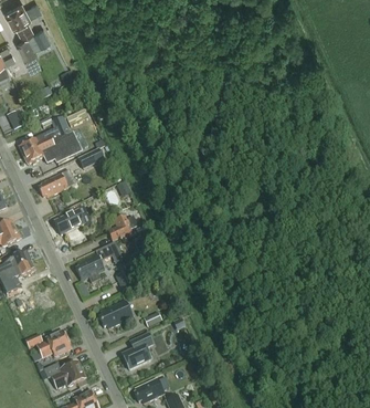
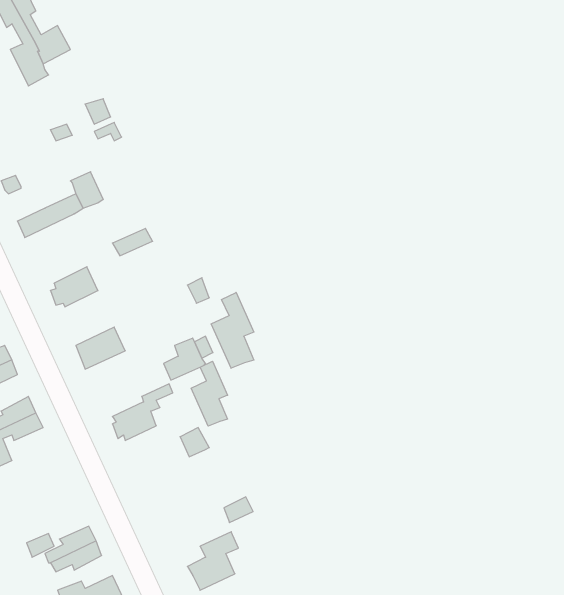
building: [23,133,80,165] -> none
building: none -> [211,292,254,368]
building: none -> [191,361,228,426]
building: [98,302,133,329] -> none

